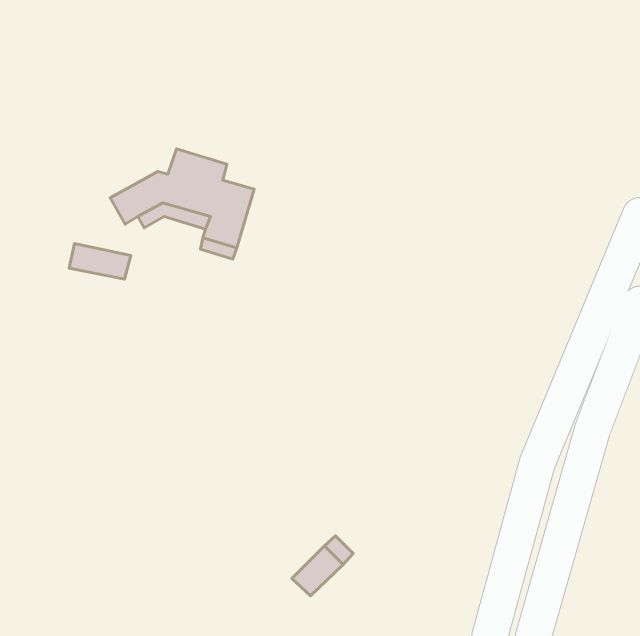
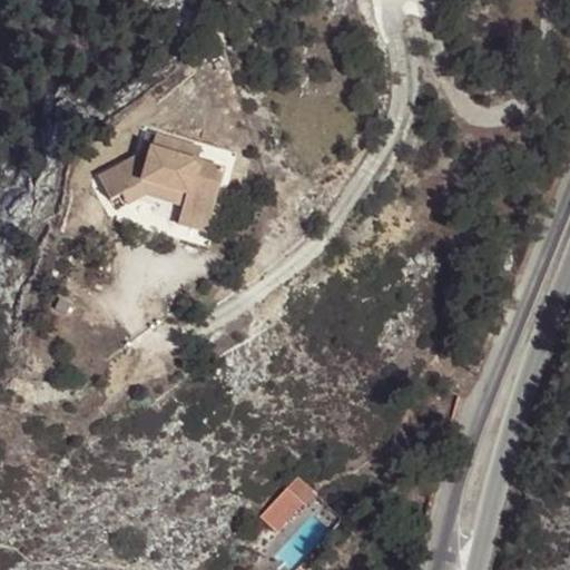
building: [69,244,131,279] -> none

